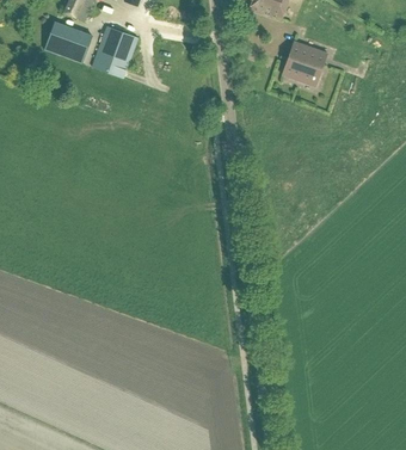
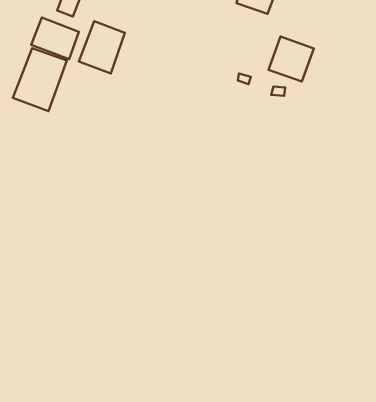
building: none -> [13,48,67,111]

